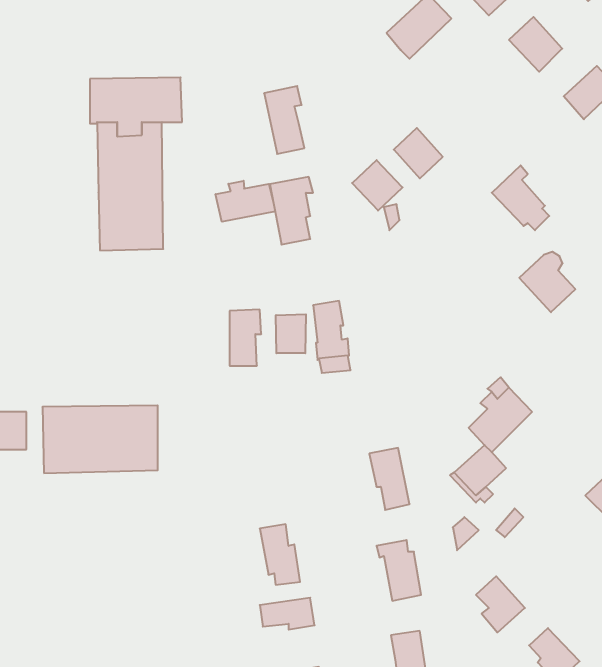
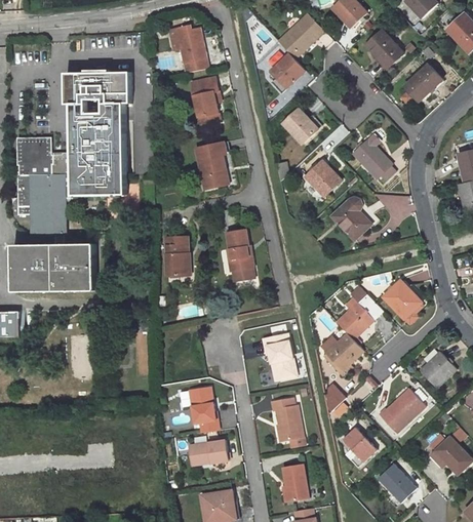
building: none -> [169,27,208,74]
building: none -> [270,52,306,87]
building: [352,160,403,211] -> [305,160,341,196]
building: none -> [17,144,74,235]
building: [216,181,275,222] -> none
building: [519,252,575,312] -> [331,197,371,240]
building: [276,314,306,353] -> none
building: none -> [383,280,421,318]
building: [42,405,158,473] -> [12,243,94,291]
building: none -> [379,388,425,433]

